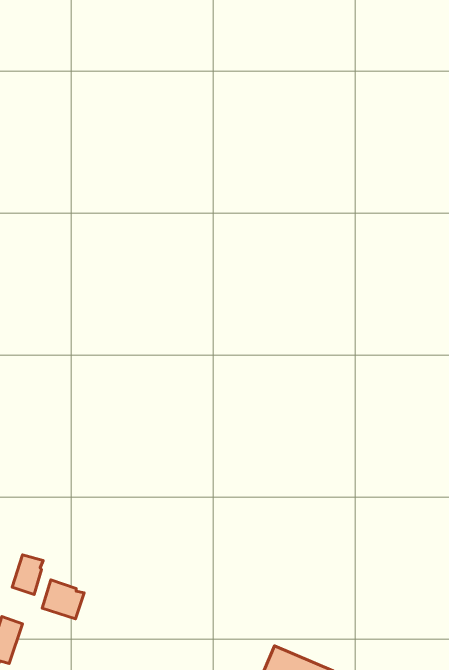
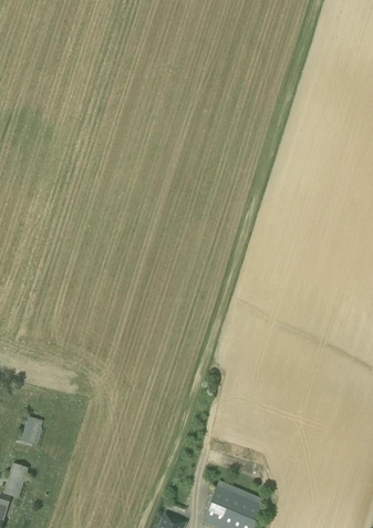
building: [42,580,84,619] -> none

